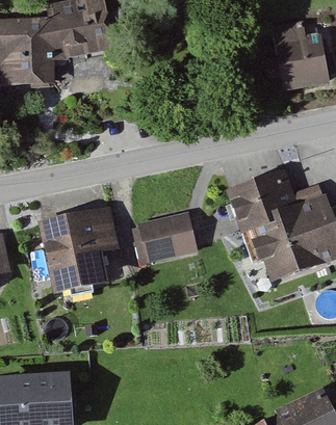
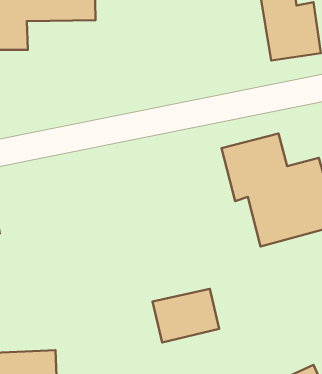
building: [40,205,121,290] -> none
building: [135,212,201,265] -> [153,289,219,343]

